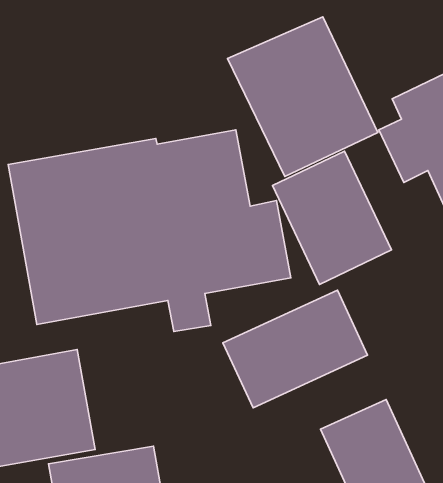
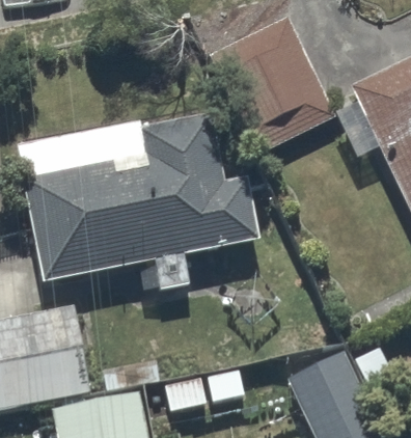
building: [273,151,392,284] -> none
building: [223,290,368,408] -> none

